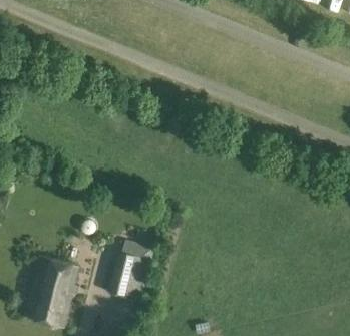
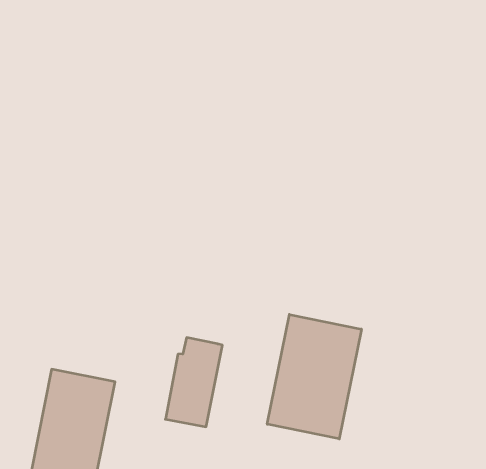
building: none -> [267,314,361,439]

